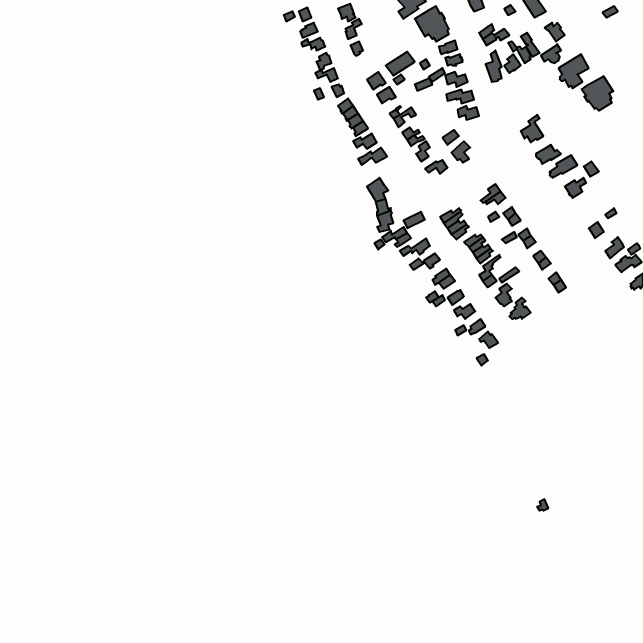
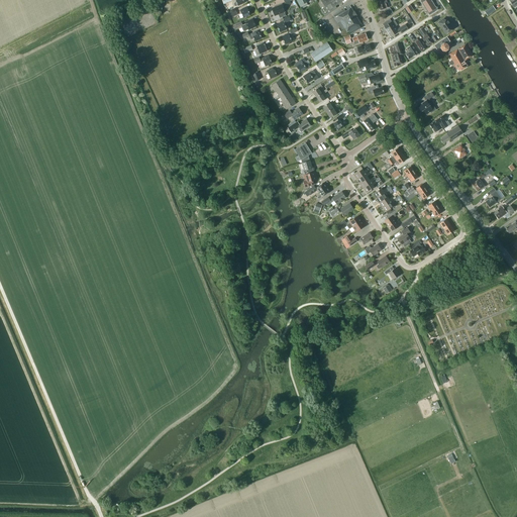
building: [582,76,613,111] -> none

